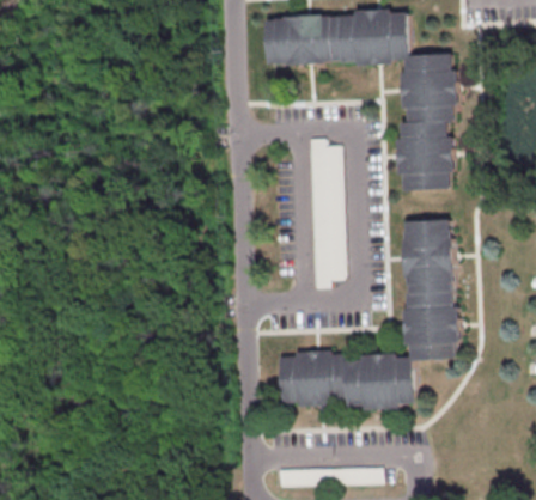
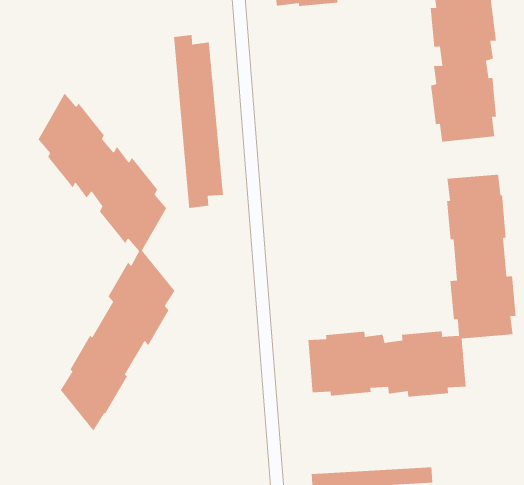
building: none -> [37,92,176,432]
building: [307,139,343,289] -> [173,34,224,209]

